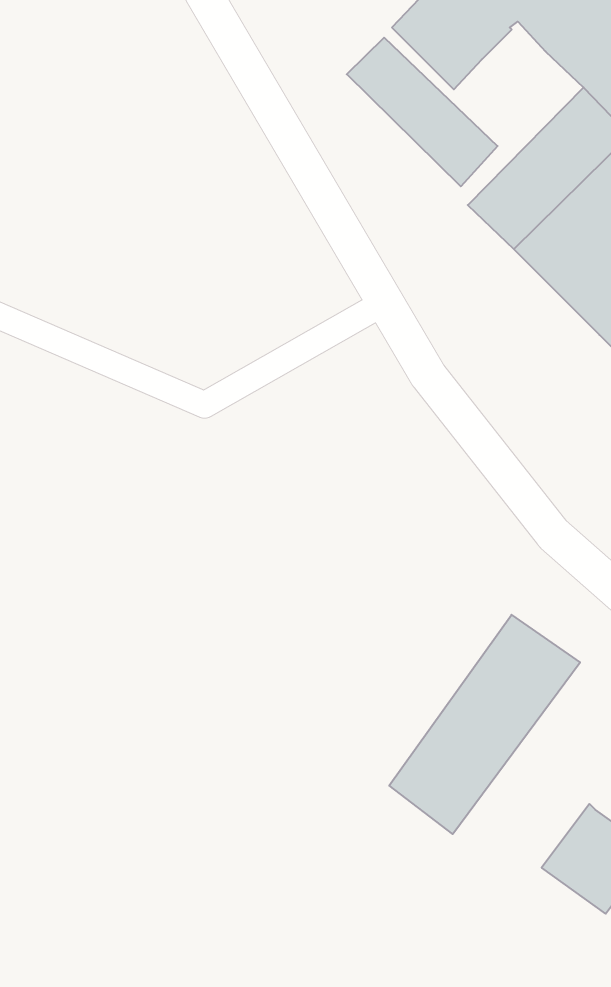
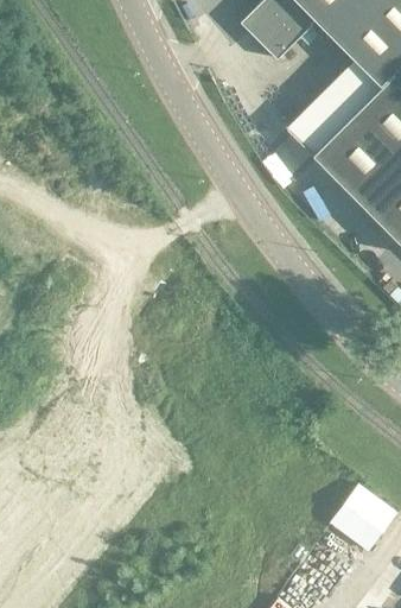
building: [347,38,498,186] -> none
building: [389,615,580,834] -> none

